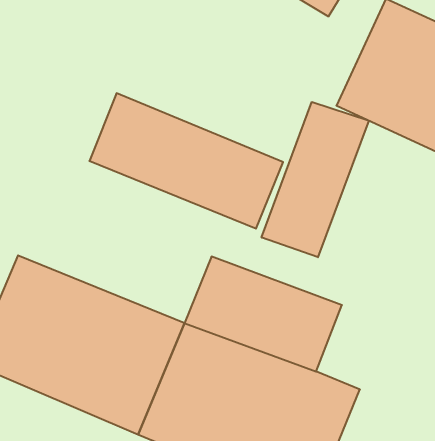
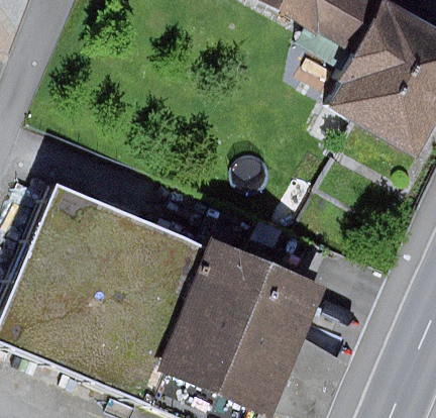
building: [89,93,283,229] -> [36,180,210,301]
building: [262,102,369,257] -> none

